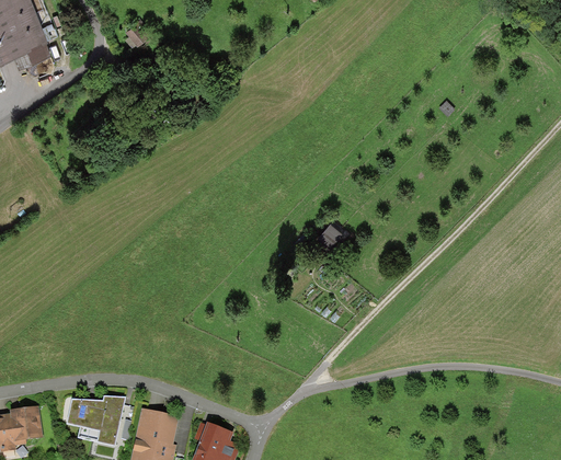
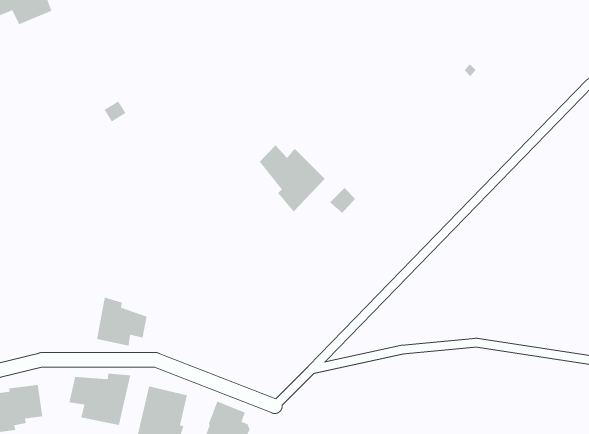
building: none -> [259,144,326,213]
building: none -> [96,296,147,346]

